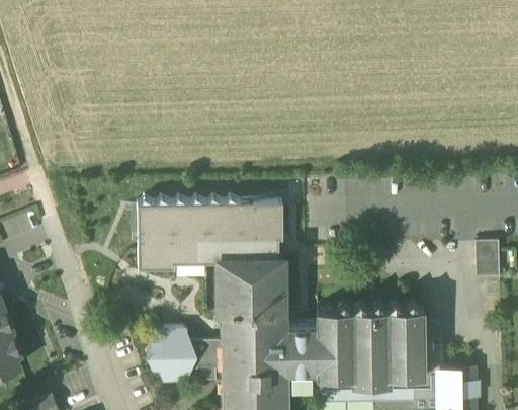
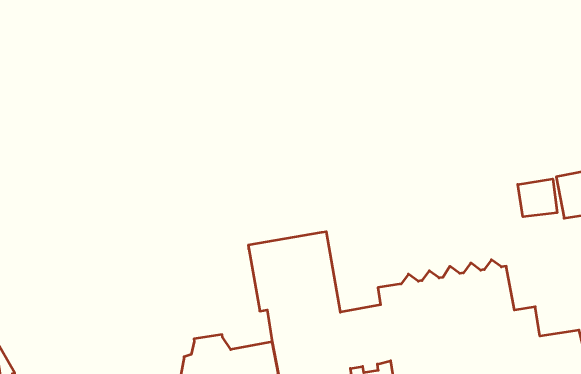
building: [137,201,282,267] -> none
building: none -> [518,179,557,217]

